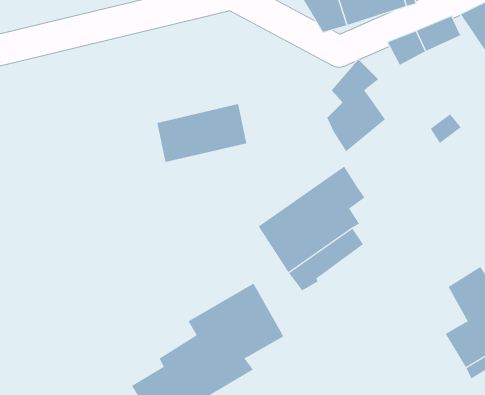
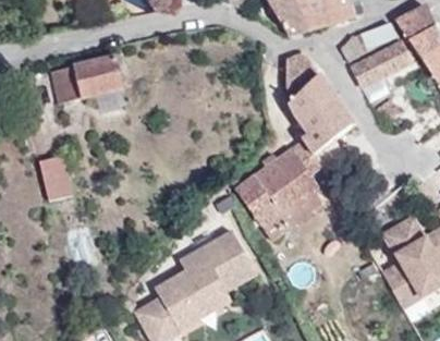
building: none -> [351,40,411,87]
building: [156,103,247,163] -> [51,56,123,102]
building: none -> [303,102,353,155]
building: none -> [40,155,72,198]

